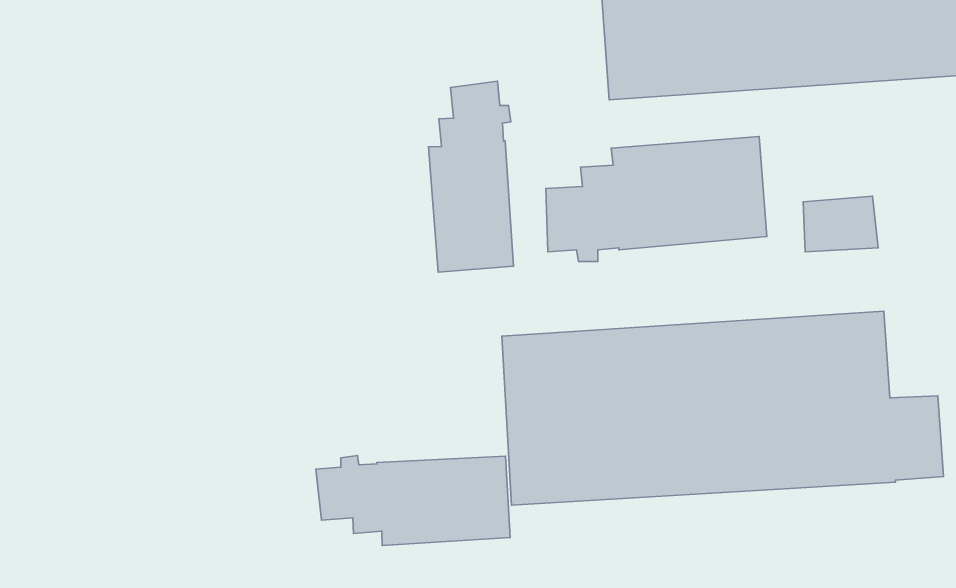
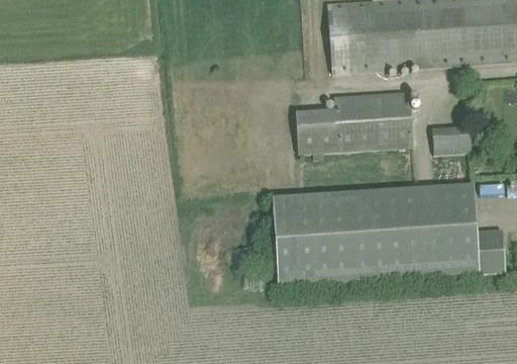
building: [429,81,513,272] -> none
building: [316,456,510,545] -> none

